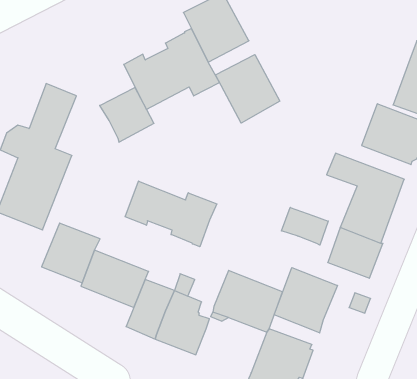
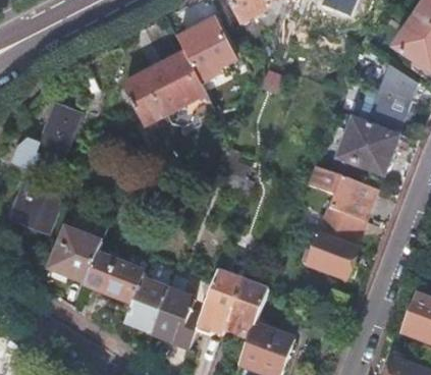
building: [216,55,280,123] -> none
building: [100,87,154,142] -> none
building: [125,181,217,247] -> none
building: [281,207,328,245] -> none
building: [274,268,337,333] -> none

